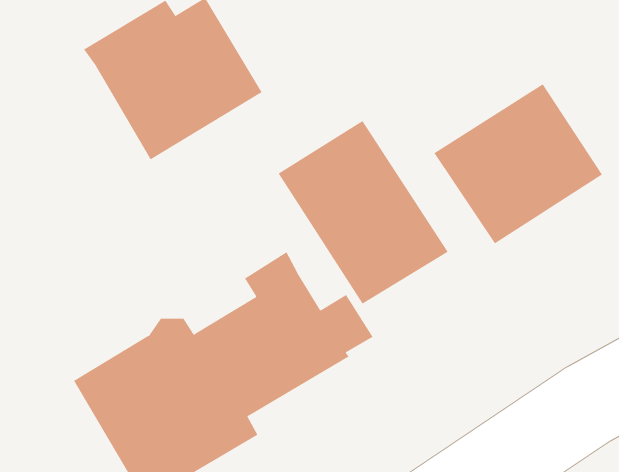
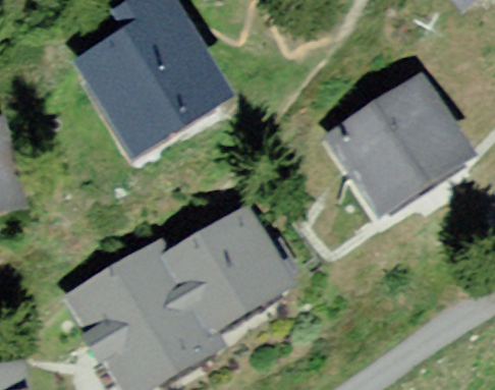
building: [278,120,449,305] -> none

